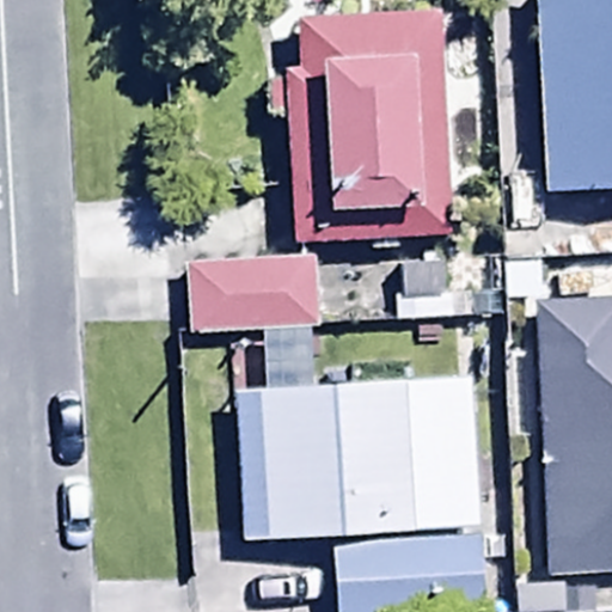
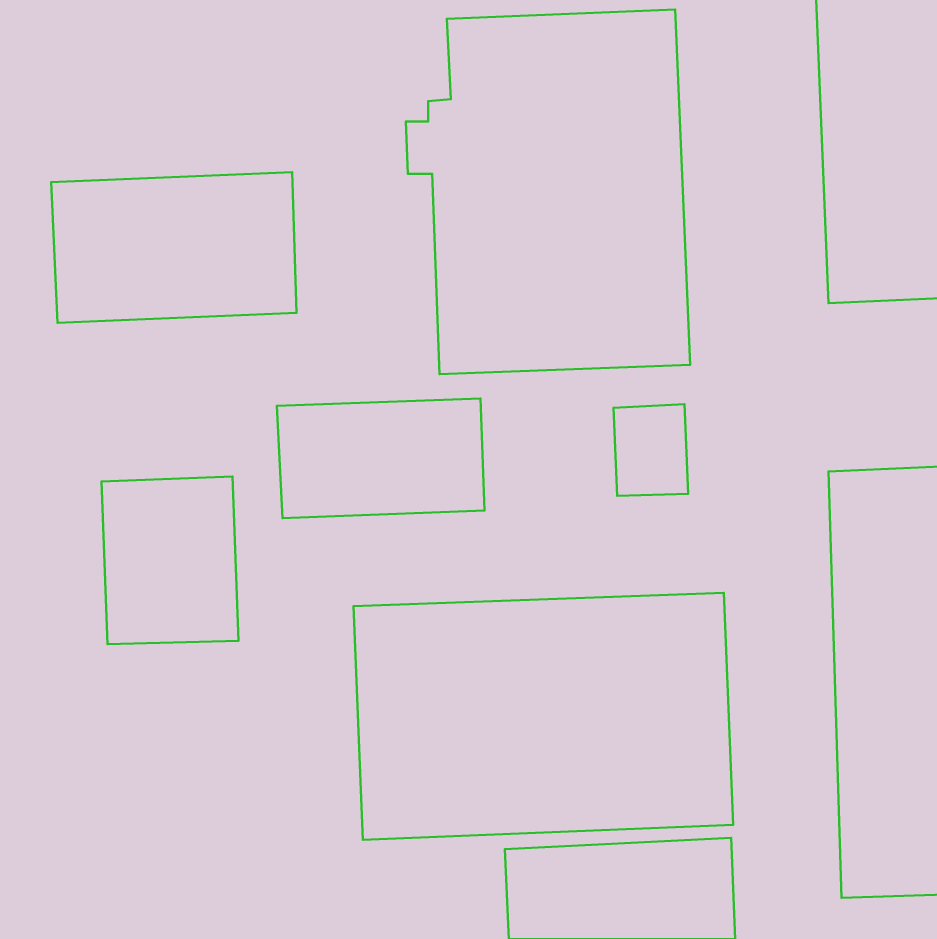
building: none -> [51,172,296,323]
building: none -> [102,476,239,644]

